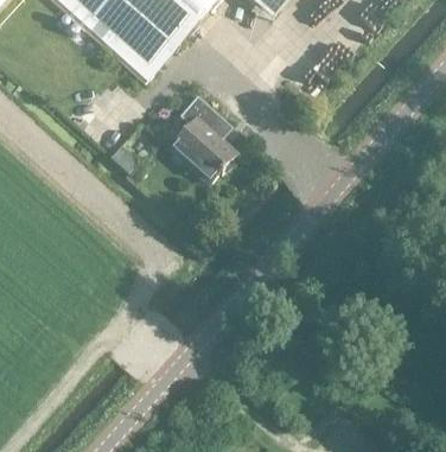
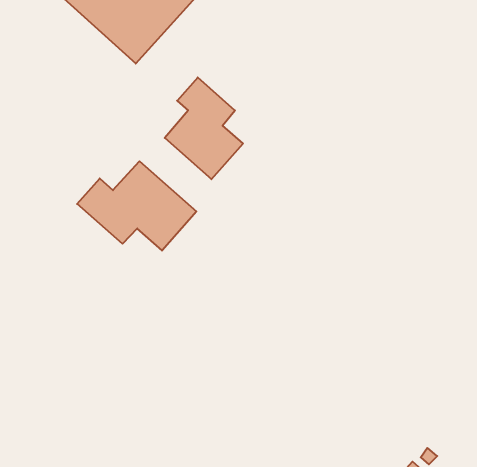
building: none -> [77,161,196,251]

